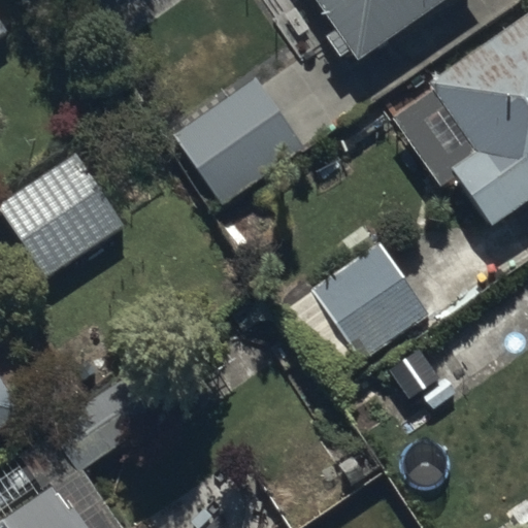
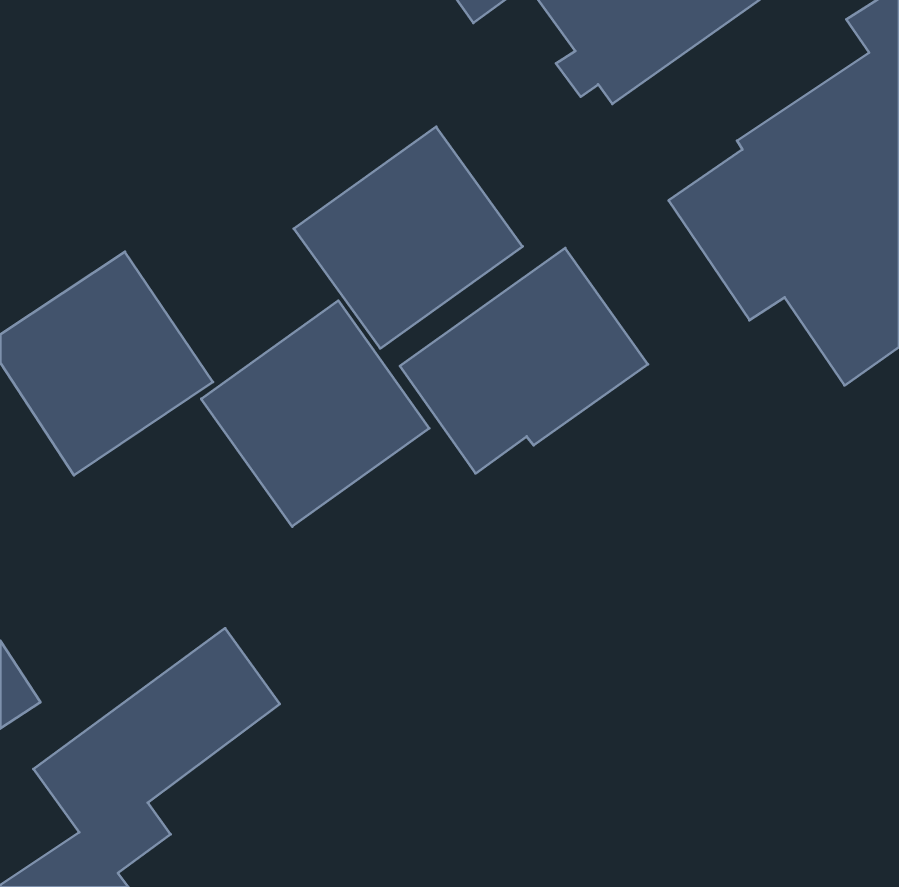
building: none -> [201,301,429,527]
building: [284,243,429,375] -> [400,248,648,473]

